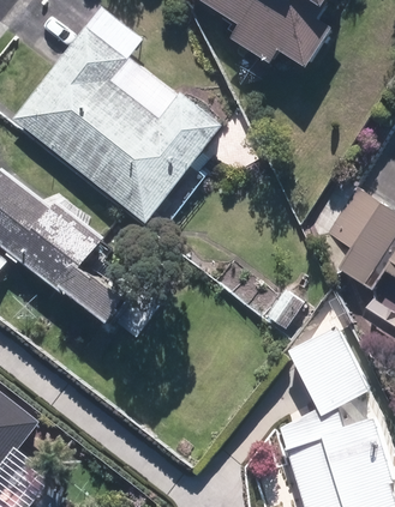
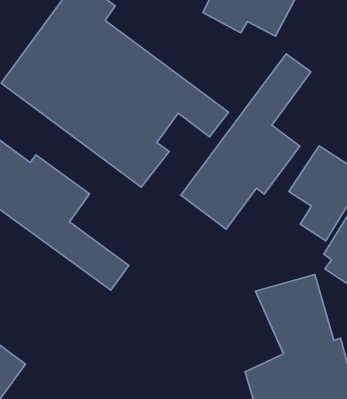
building: none -> [181,54,311,229]

